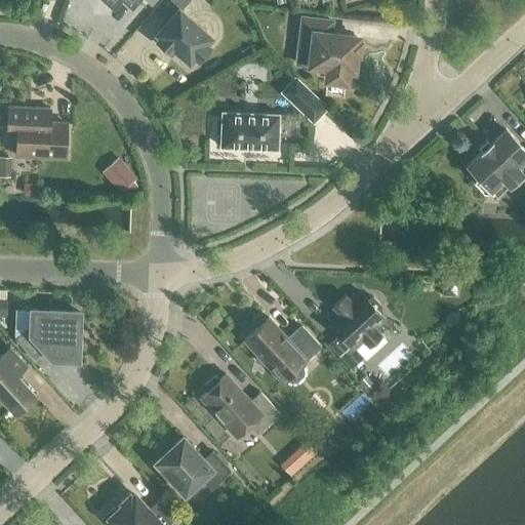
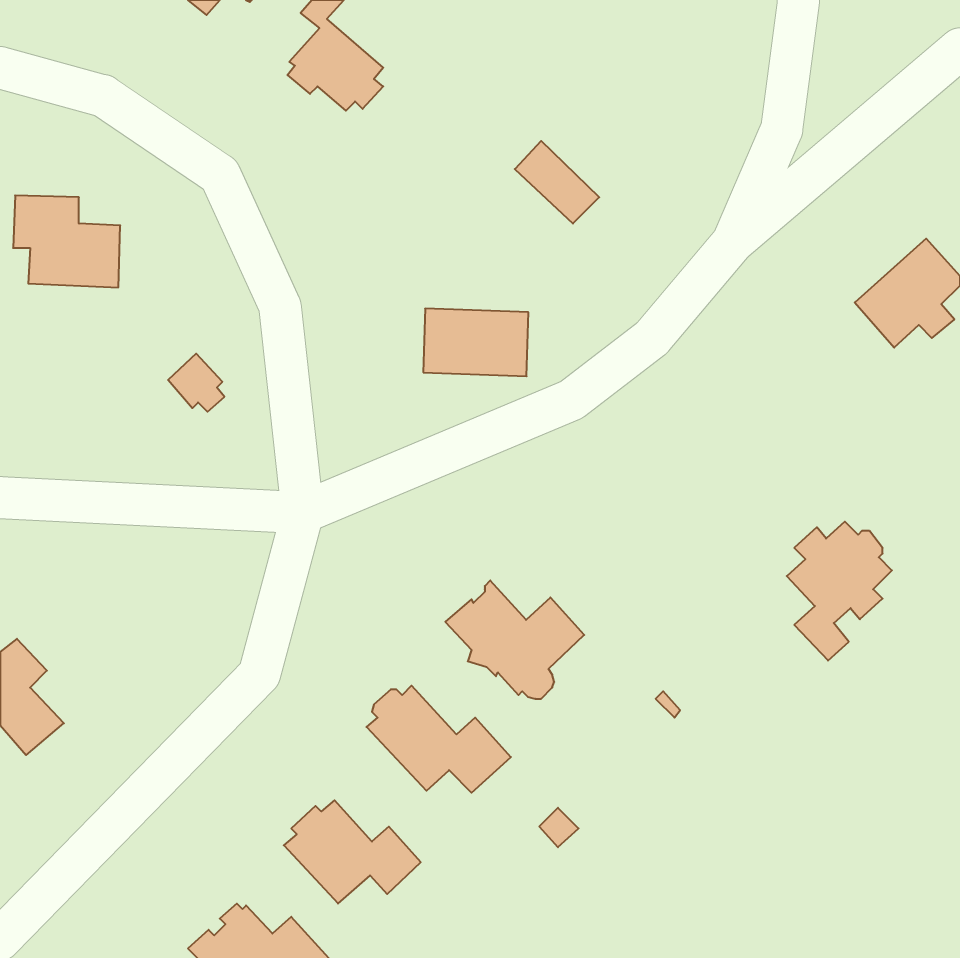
building: [298,18,357,82] -> none
building: [220,113,278,150] -> [423,309,528,376]
building: [107,163,137,195] -> [168,354,224,412]
building: [328,293,386,369] -> [787,522,892,661]
building: [16,311,79,360] -> none

